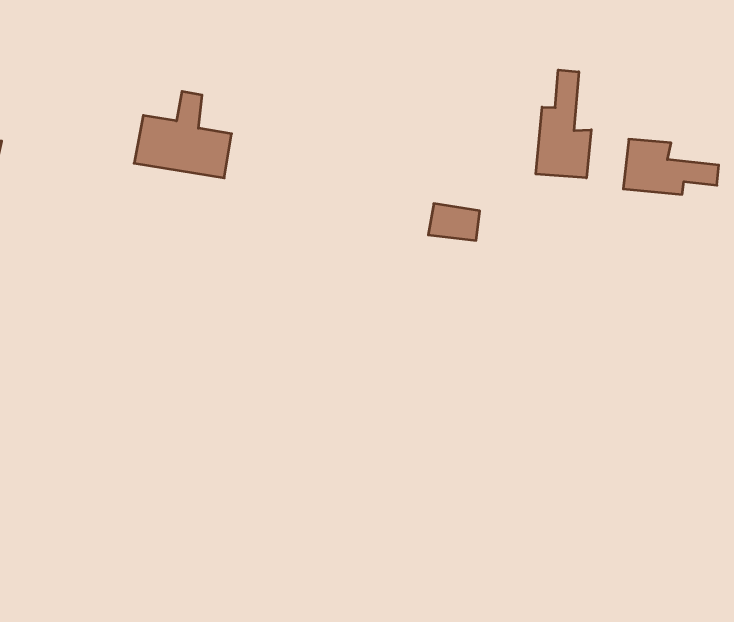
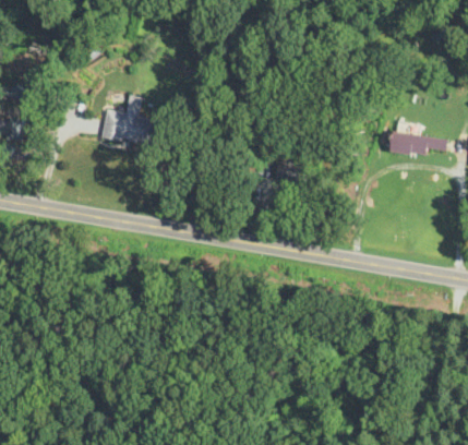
building: [536,70,591,178] -> none

